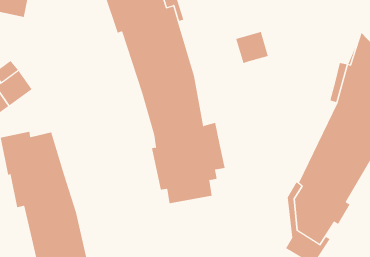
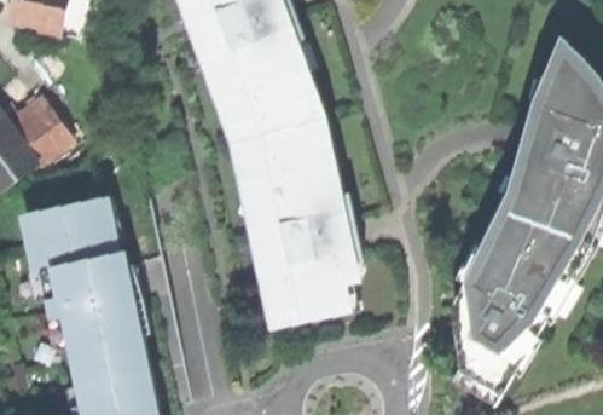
building: [236,31,269,64] -> none

